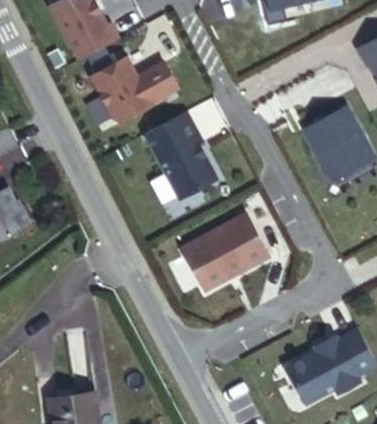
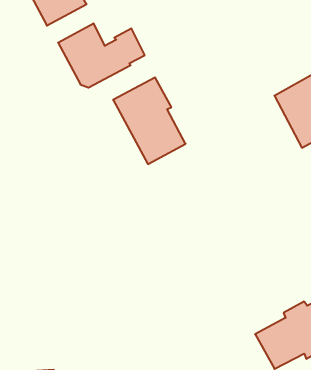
building: [193,209,279,286] -> none

